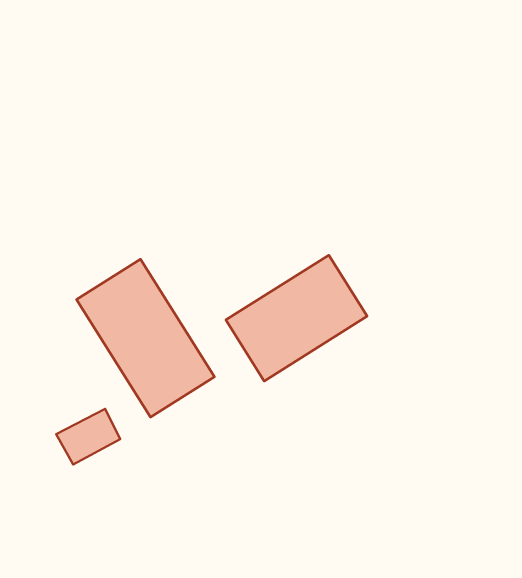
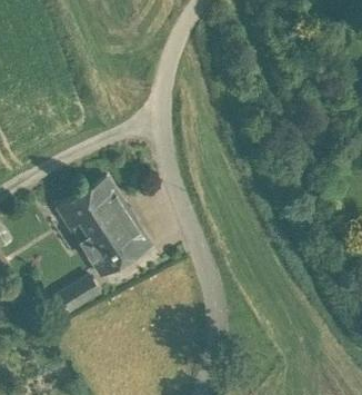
building: [226,255,367,381] -> none

